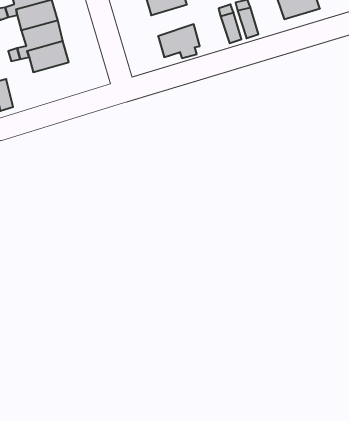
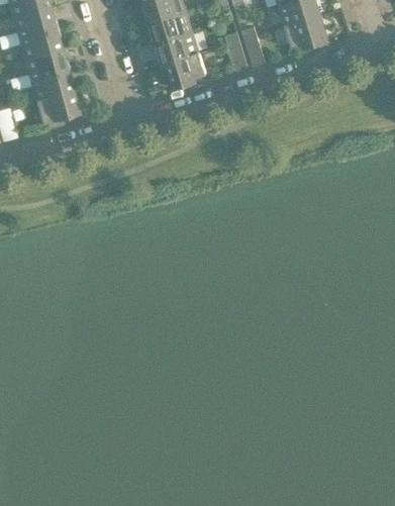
building: none -> [157,31,200,64]
building: none -> [36,90,79,126]

